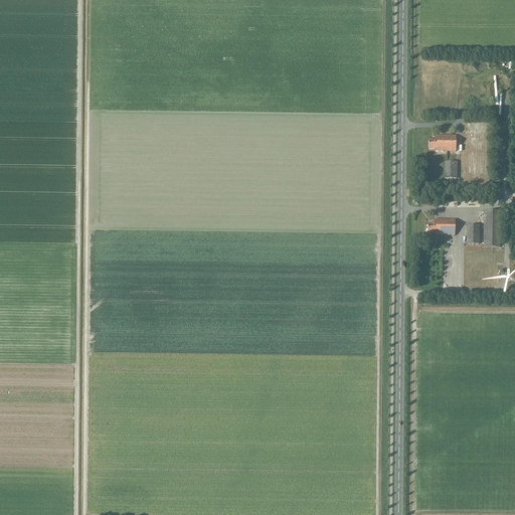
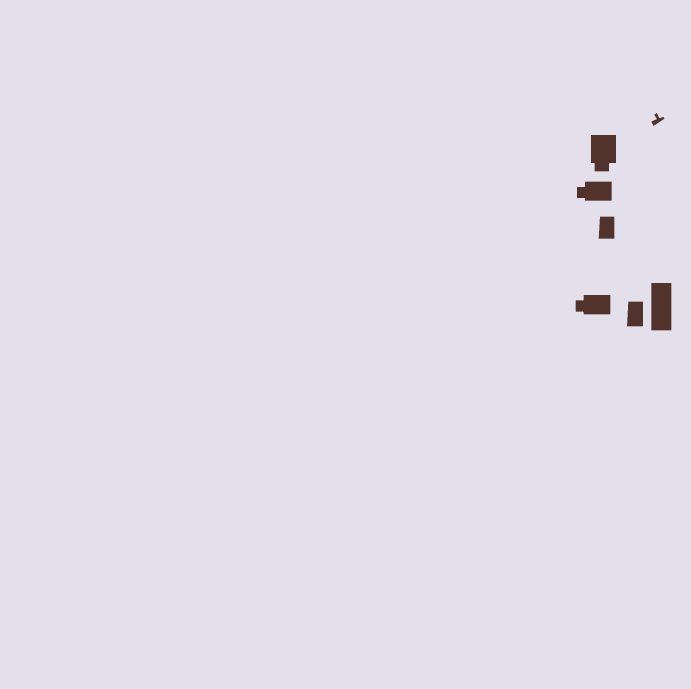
building: none -> [591,134,617,172]

